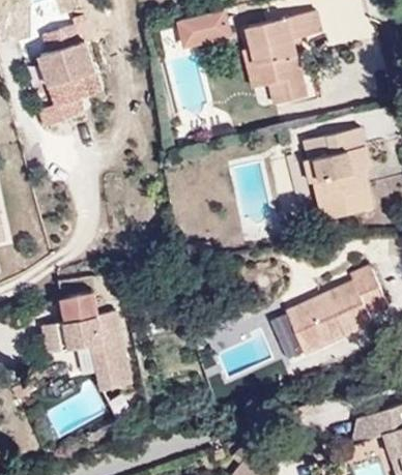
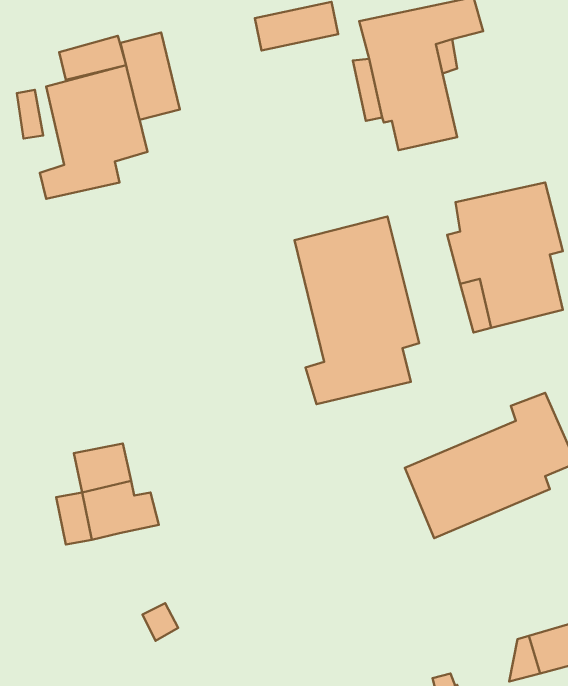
building: none -> [121,32,180,120]
building: none -> [294,217,419,404]
building: [90,315,128,390] -> none

